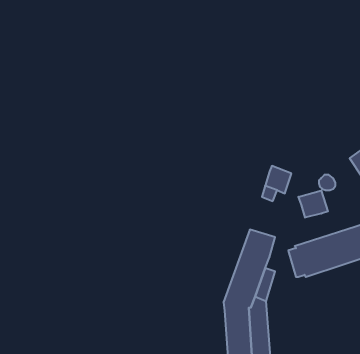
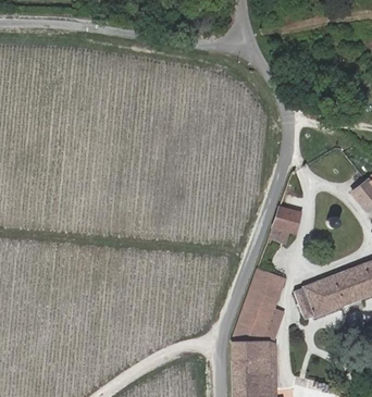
building: [298,190,328,218] -> none

